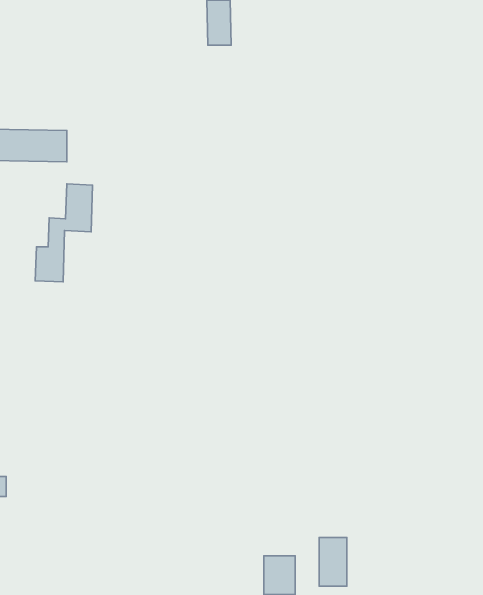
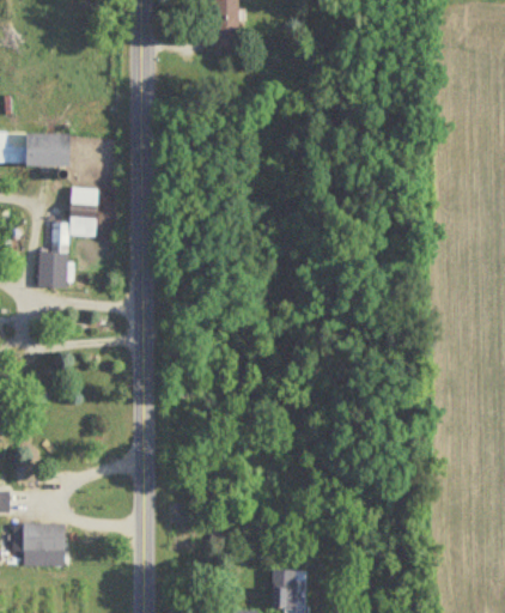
building: none -> [13,523,65,552]
building: [319,537,347,586] -> none

